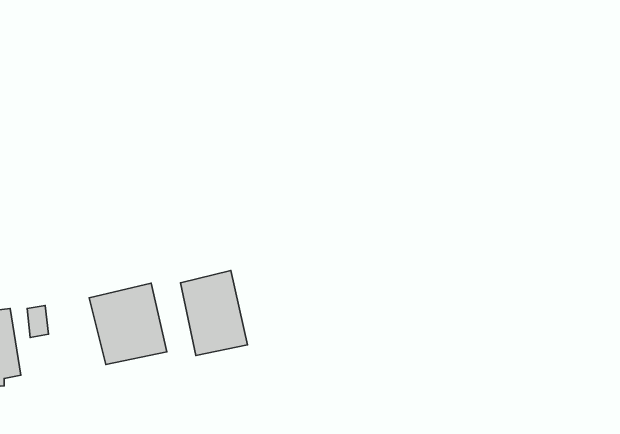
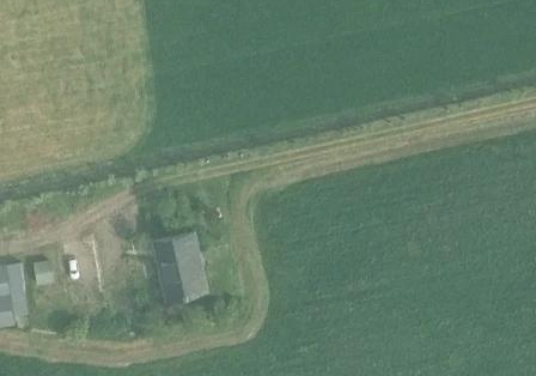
building: [89,283,167,365] -> none

